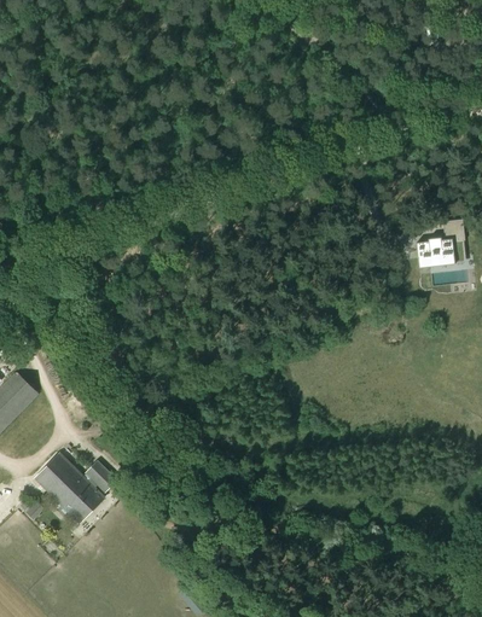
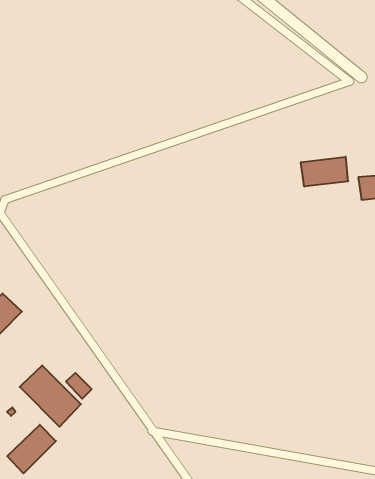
building: none -> [301,157,348,187]
building: none -> [7,425,56,473]

